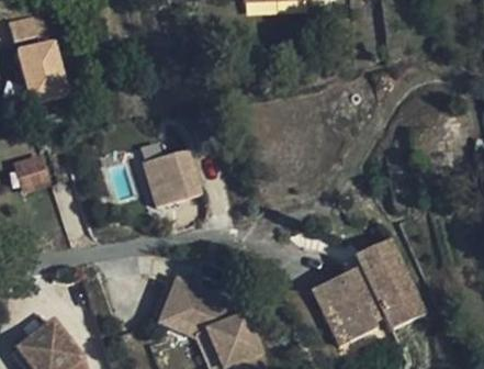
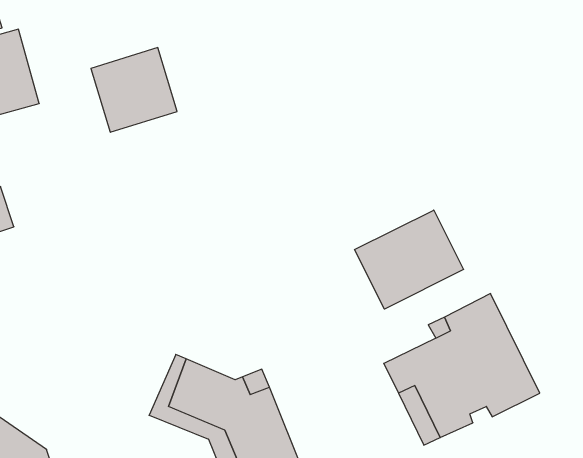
building: [140,146,204,209] -> [91,48,177,132]
building: none -> [355,210,464,309]

